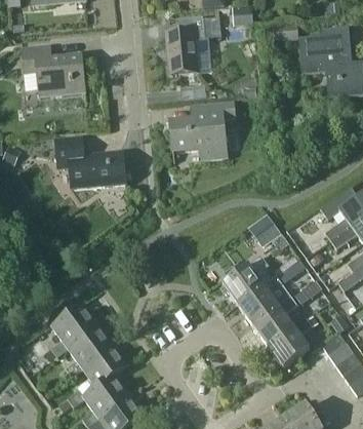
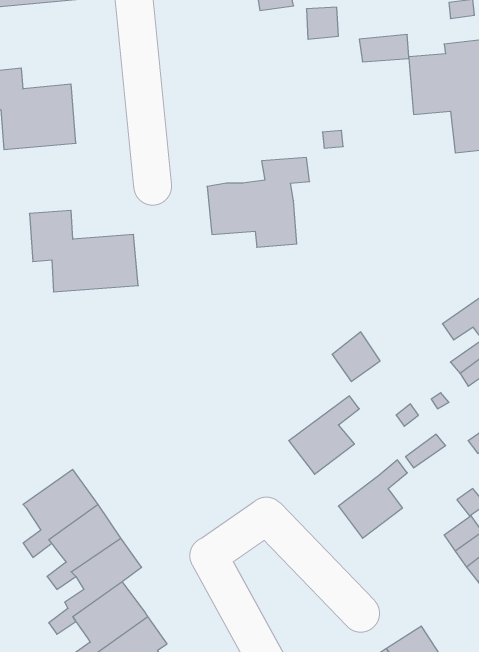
building: [164,14,219,75] -> none
building: [238,275,291,325] -> none
building: [269,314,318,367] -> none

